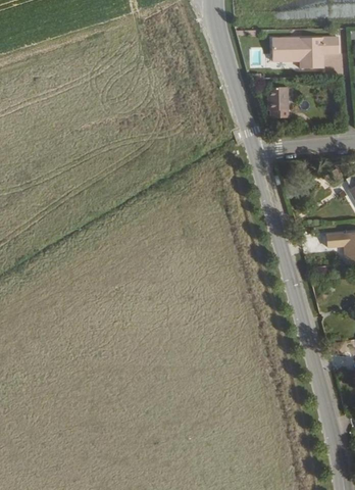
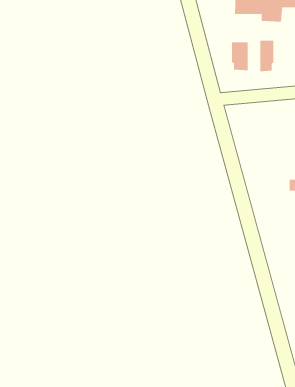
building: none -> [259,40,274,72]

